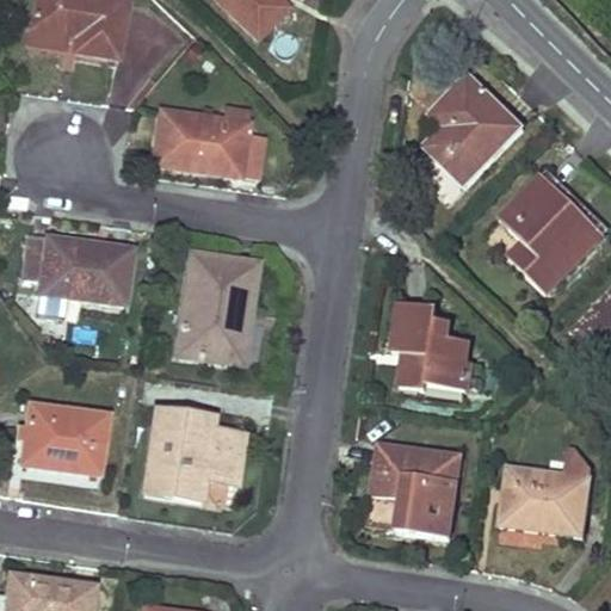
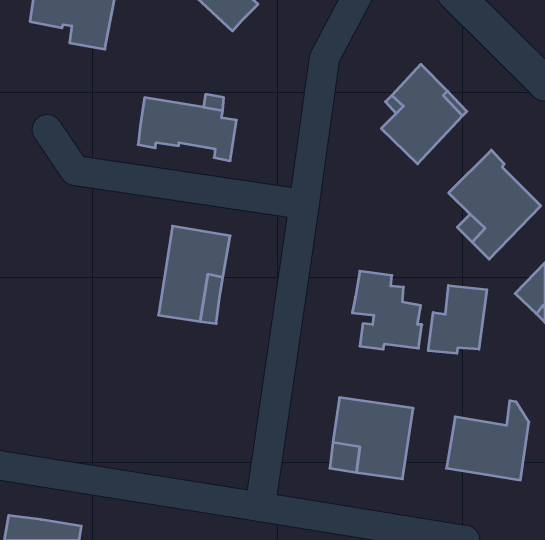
building: [24,232,131,301] -> none
building: none -> [428,285,487,353]
building: [16,402,105,471] -> none
building: [144,408,242,499] -> none

